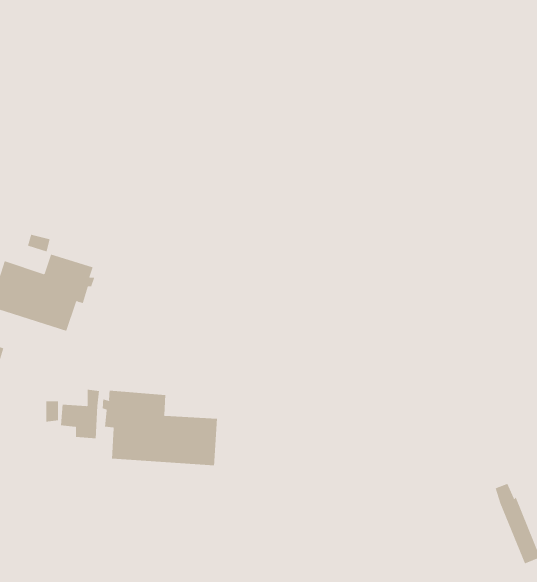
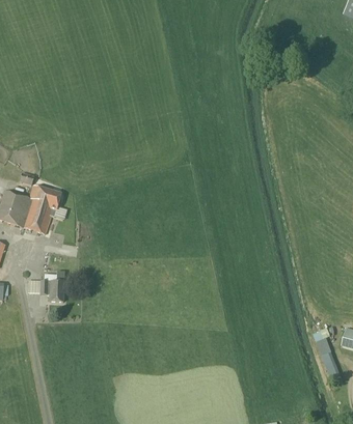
building: [102,390,218,466] -> none

